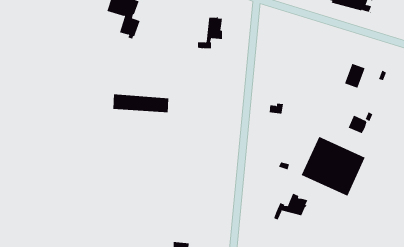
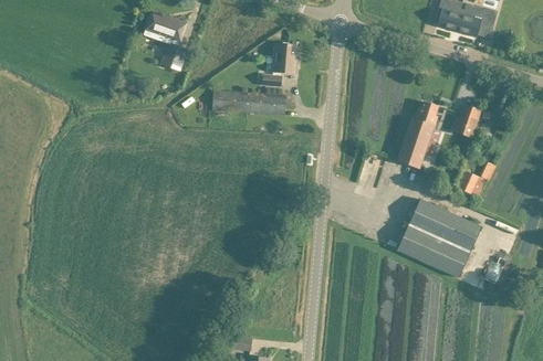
building: none -> [397,102,438,168]
building: [112,94,169,113] -> [211,89,285,114]
building: [273,193,308,221] -> none

